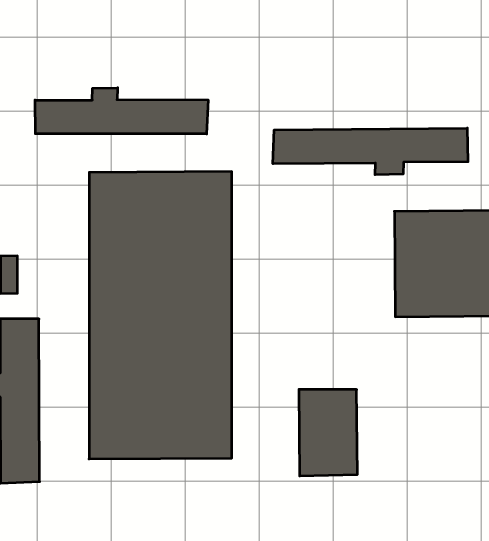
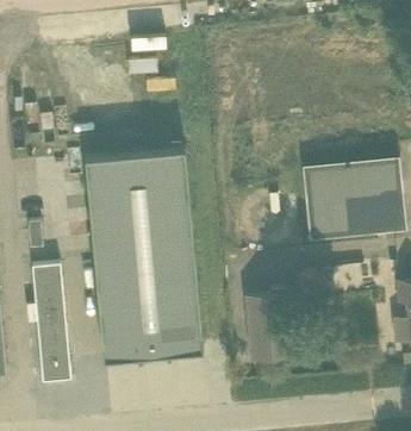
building: [35,88,208,134] -> none
building: [273,128,468,175] -> none

